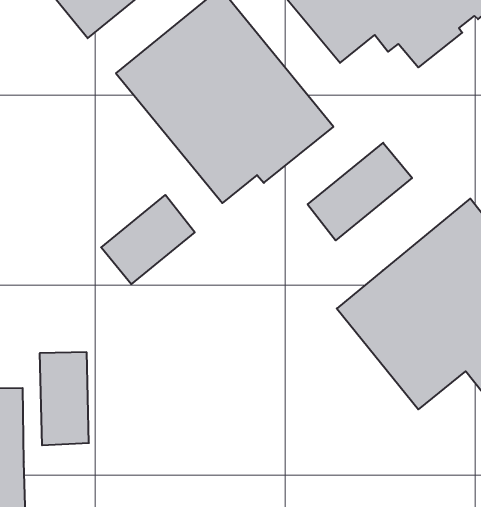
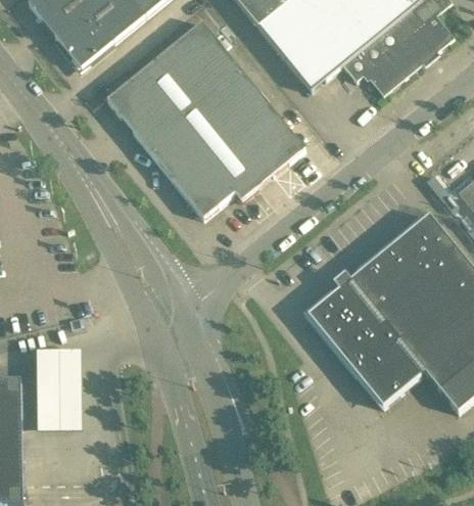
building: [308,143,412,240] -> none
building: [101,195,195,284] -> none

